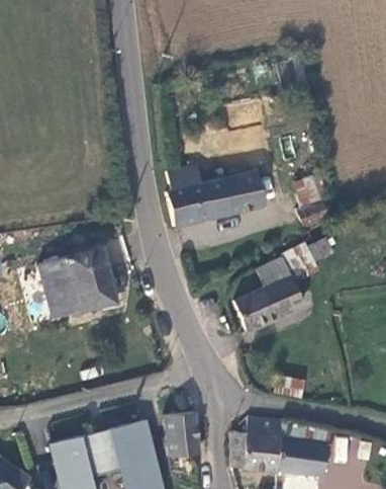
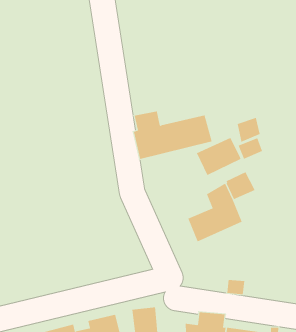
building: none -> [196,137,241,176]
building: [39,248,115,318] -> none

